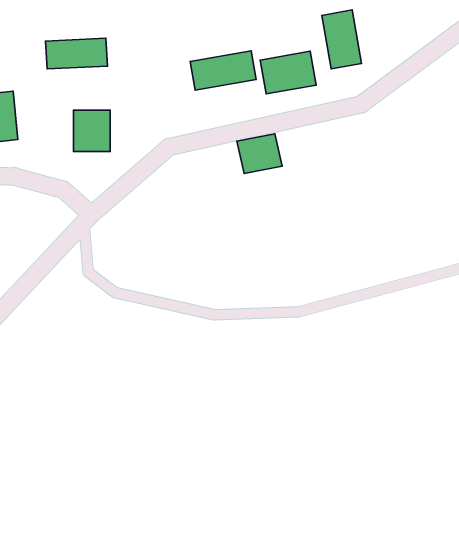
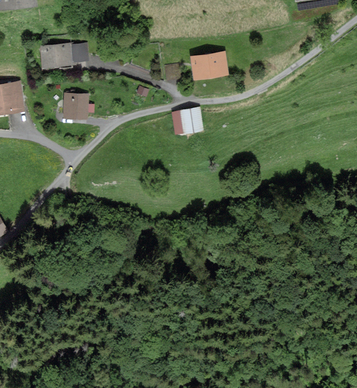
building: [322,10,361,69] -> none
building: [190,51,256,90] -> none

